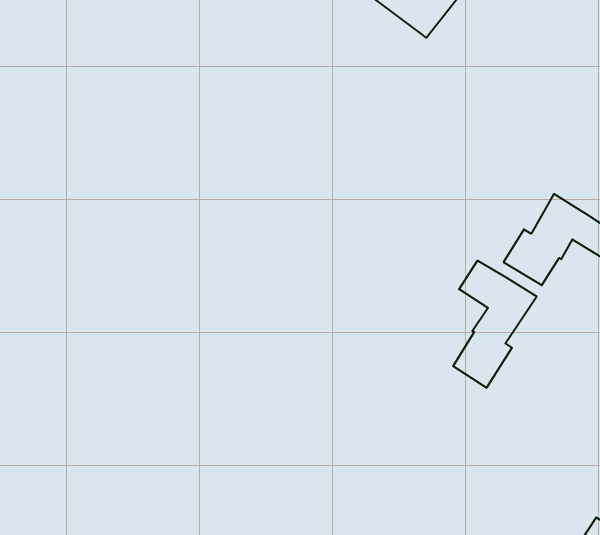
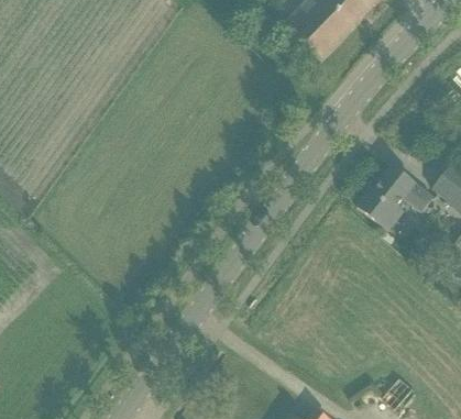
building: [453,261,537,388] -> none

